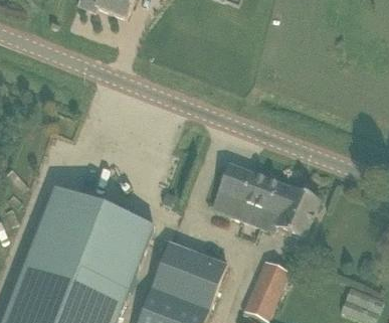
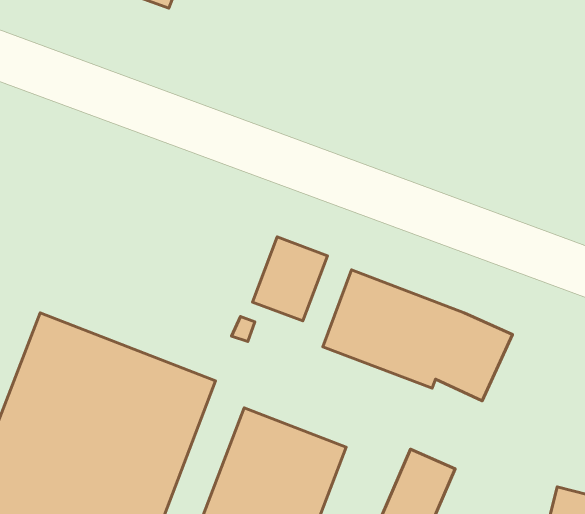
building: none -> [252,237,328,321]

